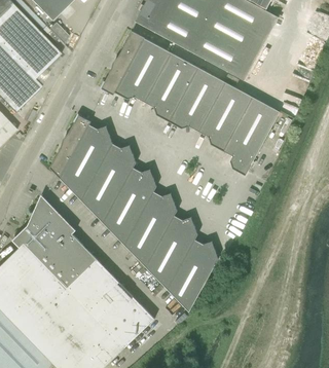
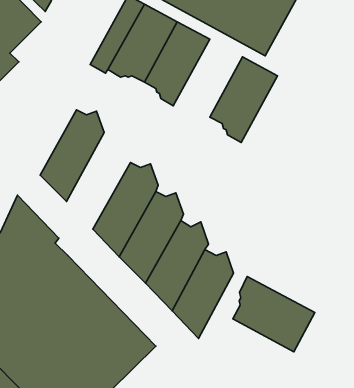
building: [169,67,225,131] -> none
building: [224,97,280,175] -> none
building: [49,114,90,178] -> none
building: [81,143,136,222] -> none
building: none -> [233,277,315,352]

